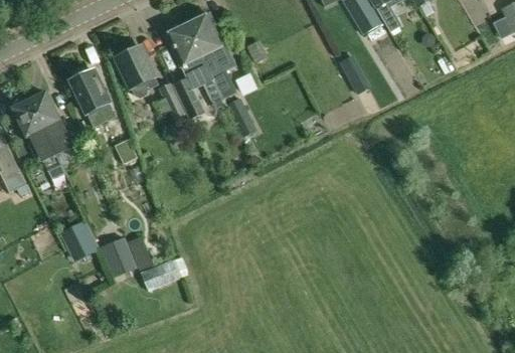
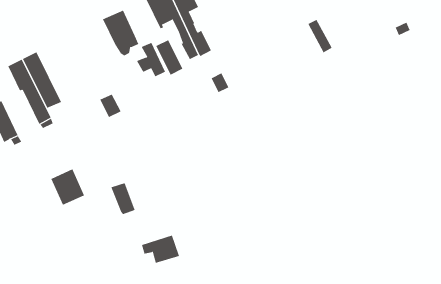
building: [71,68,116,121] -> none
building: [100,235,137,277] -> none
building: [141,259,183,291] -> [141,235,180,263]

